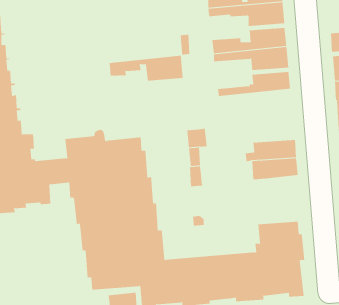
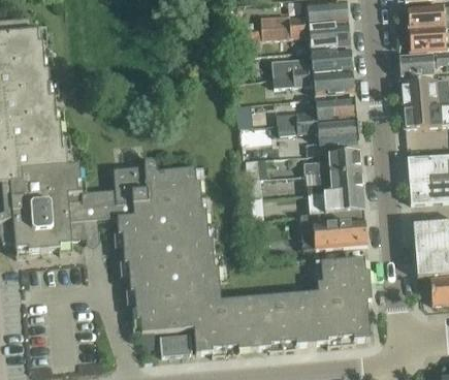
building: [109,55,184,81] -> [278,115,358,142]
building: none -> [304,150,361,173]
building: none -> [299,208,366,249]

